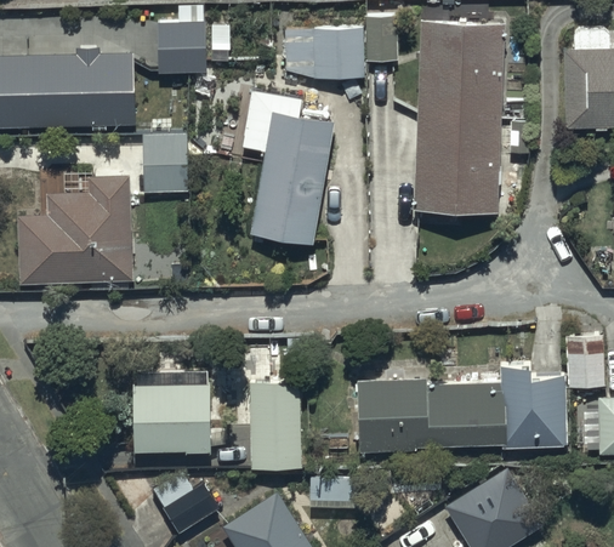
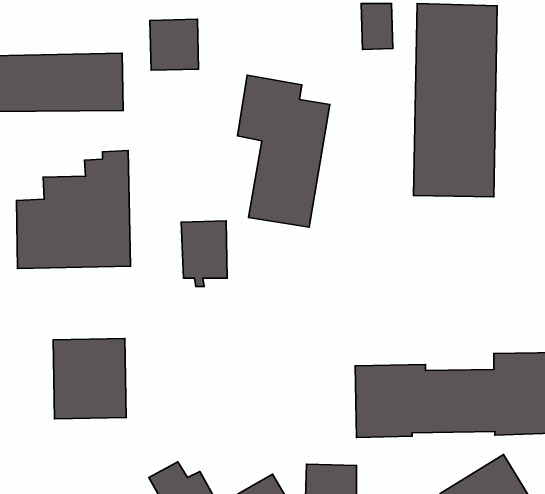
building: [284,32,362,81] -> none
building: [141,137,187,203] -> [181,221,227,287]
building: [137,372,210,452] -> [53,338,126,419]
building: [250,380,302,468] -> none

